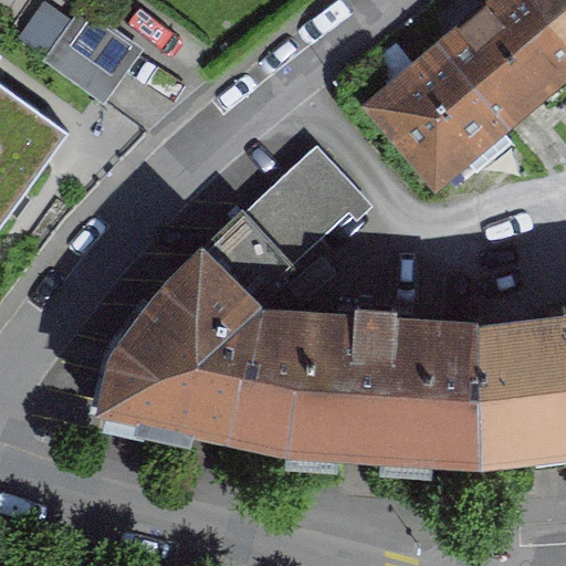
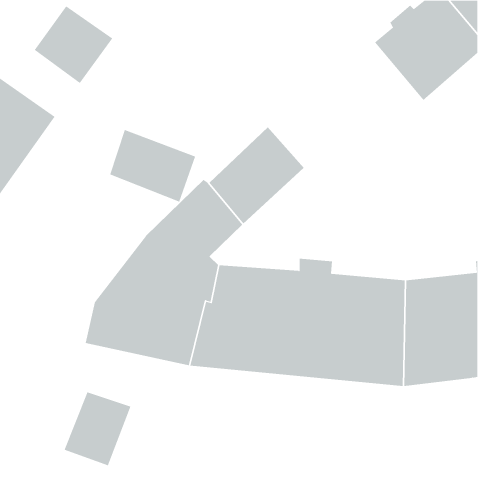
building: [374,54,496,178] -> none
building: none -> [110,129,196,203]
building: none -> [64,392,131,466]

